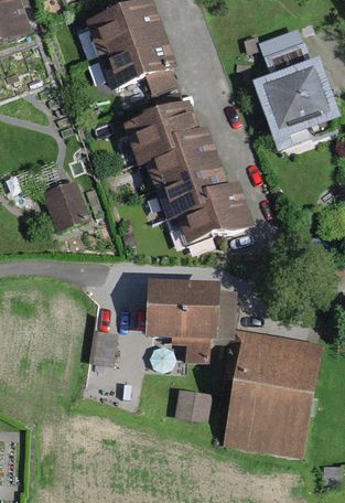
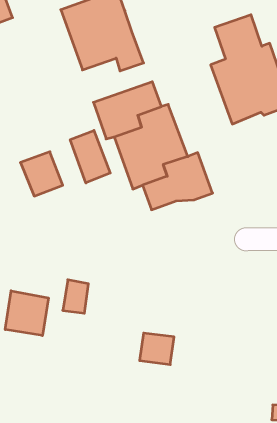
building: none -> [70,130,110,183]
building: [147,277,235,358] -> none
building: [222,324,323,457] -> none
building: none -> [5,291,48,336]

